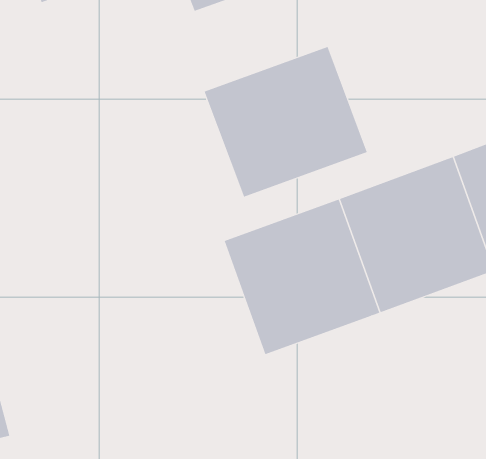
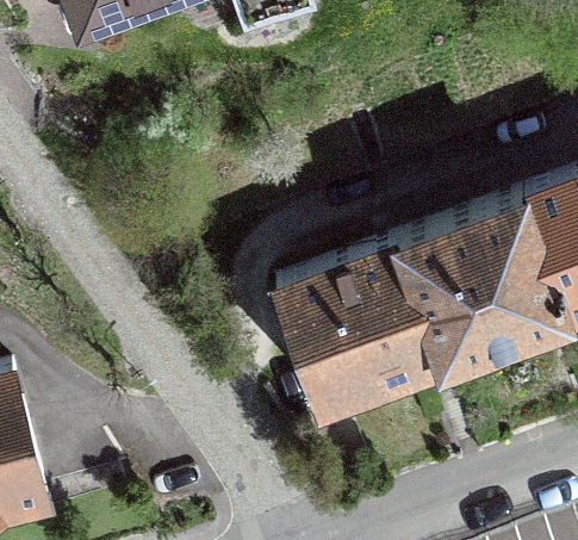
building: [204,46,368,198] -> none

